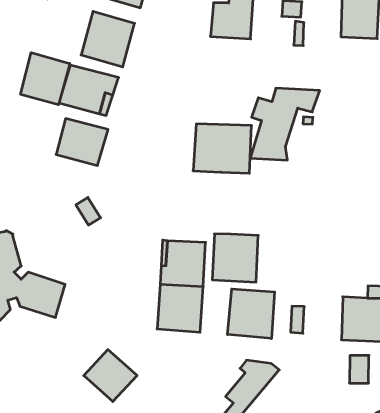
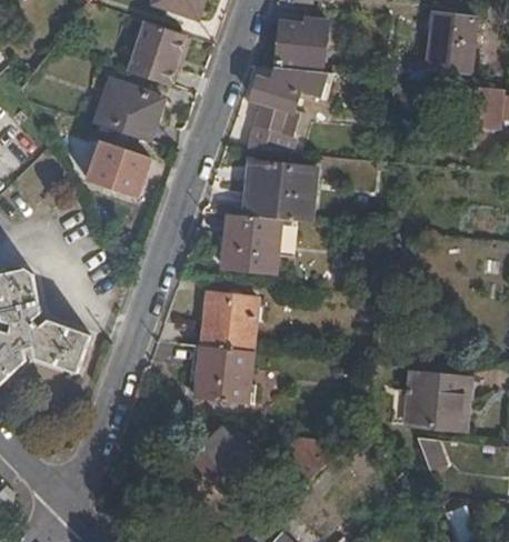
building: [21,53,70,105] -> none
building: [250,88,320,160] -> [247,64,332,149]
building: [212,234,258,282] -> [222,212,279,271]
building: [228,289,275,339] -> none
building: [84,350,137,402] -> [192,425,255,486]

